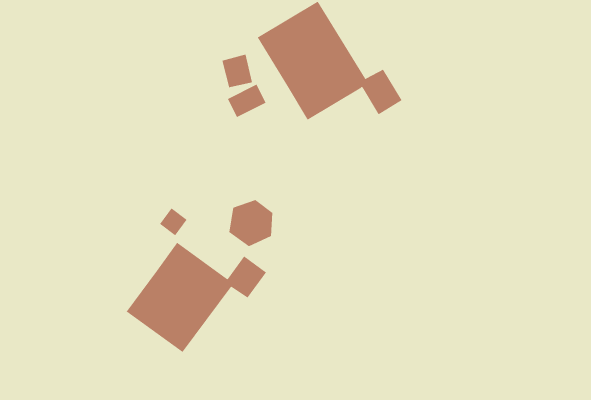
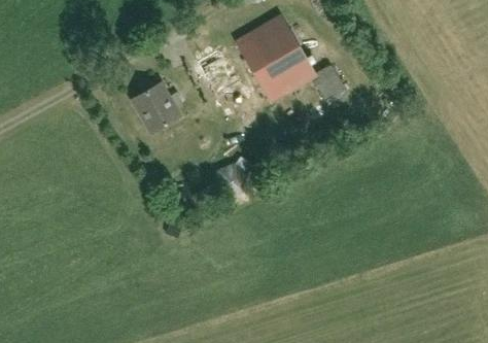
building: none -> [131,83,181,134]
building: [126,242,267,353] -> none

